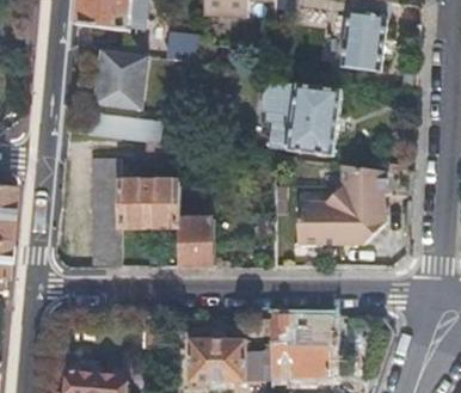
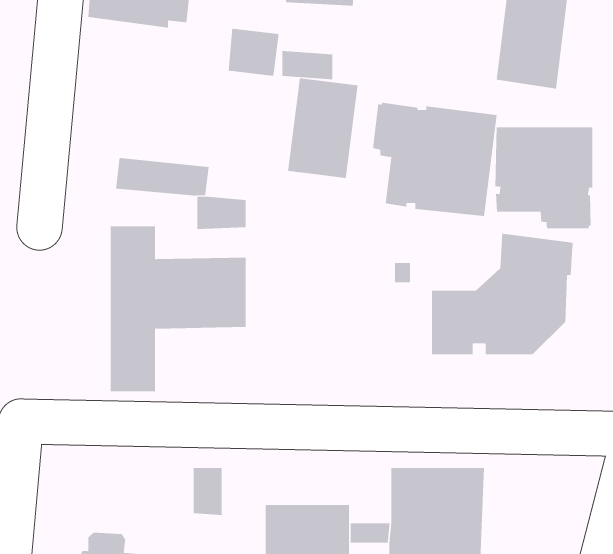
building: [94,51,146,110] -> none
building: none -> [288,78,358,179]
building: none -> [495,127,593,229]
building: [178,219,227,268] -> none

